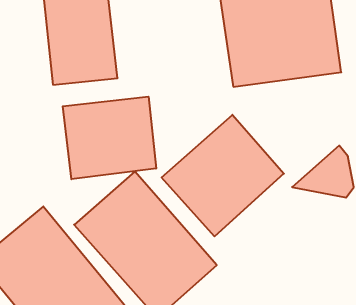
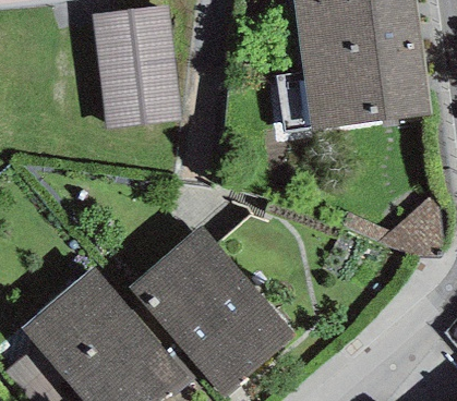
building: [63,97,156,179] -> none
building: [162,115,284,236] -> none

